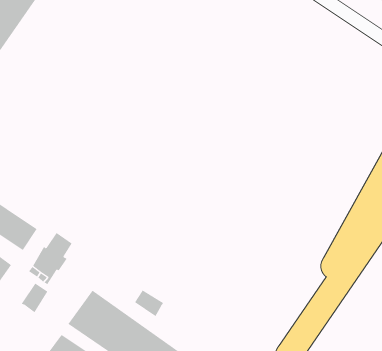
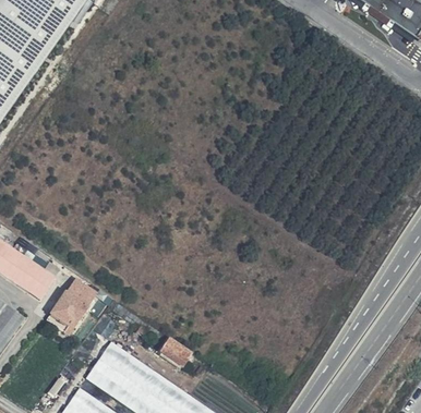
building: [21,283,48,313] -> none

